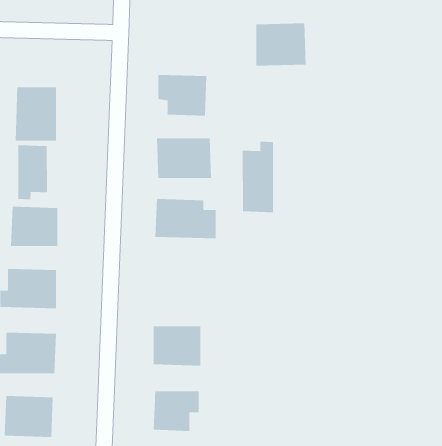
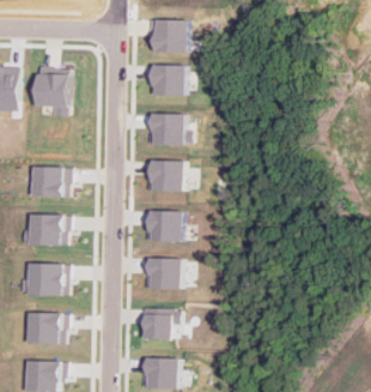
building: [255,23,307,66] -> [148,19,188,53]
building: [242,141,274,213] -> none
building: [18,144,47,200] -> none
building: none -> [145,210,183,242]

